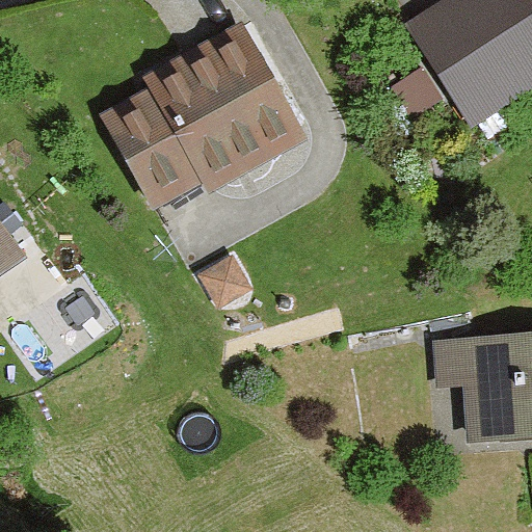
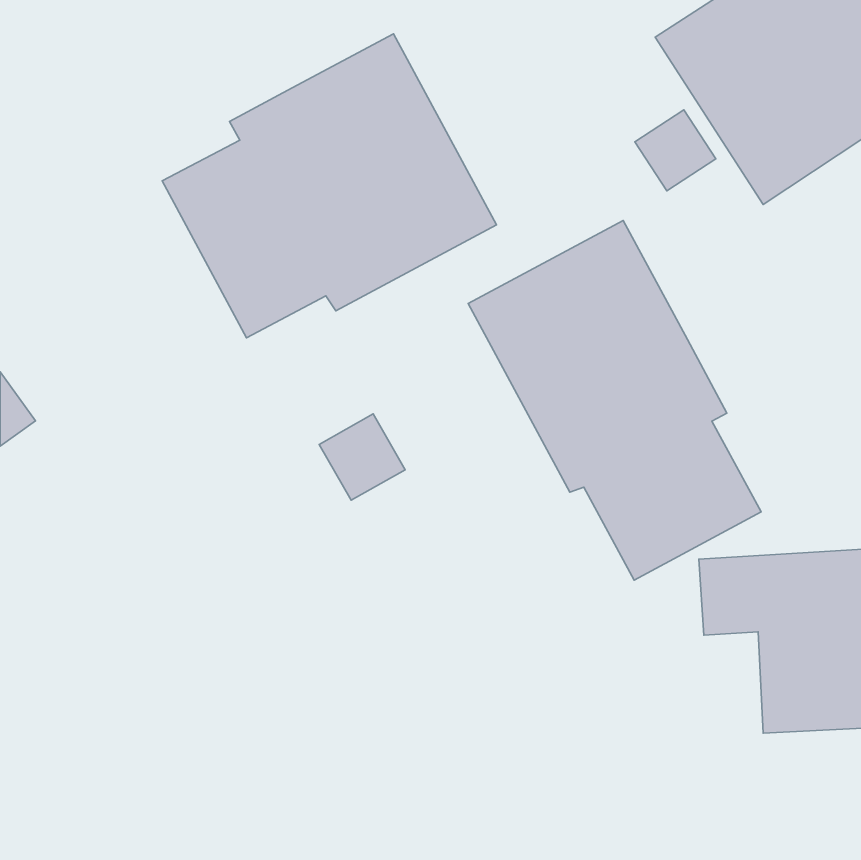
building: none -> [468,221,761,580]

